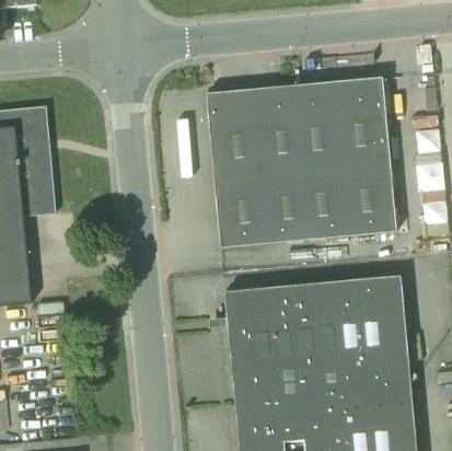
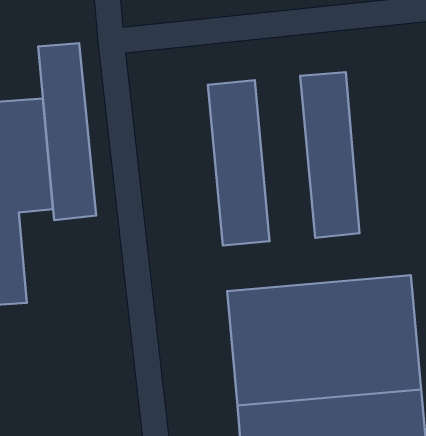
building: none -> [38,43,96,220]
building: [337,77,395,235] -> none
building: [250,84,308,243] -> none

